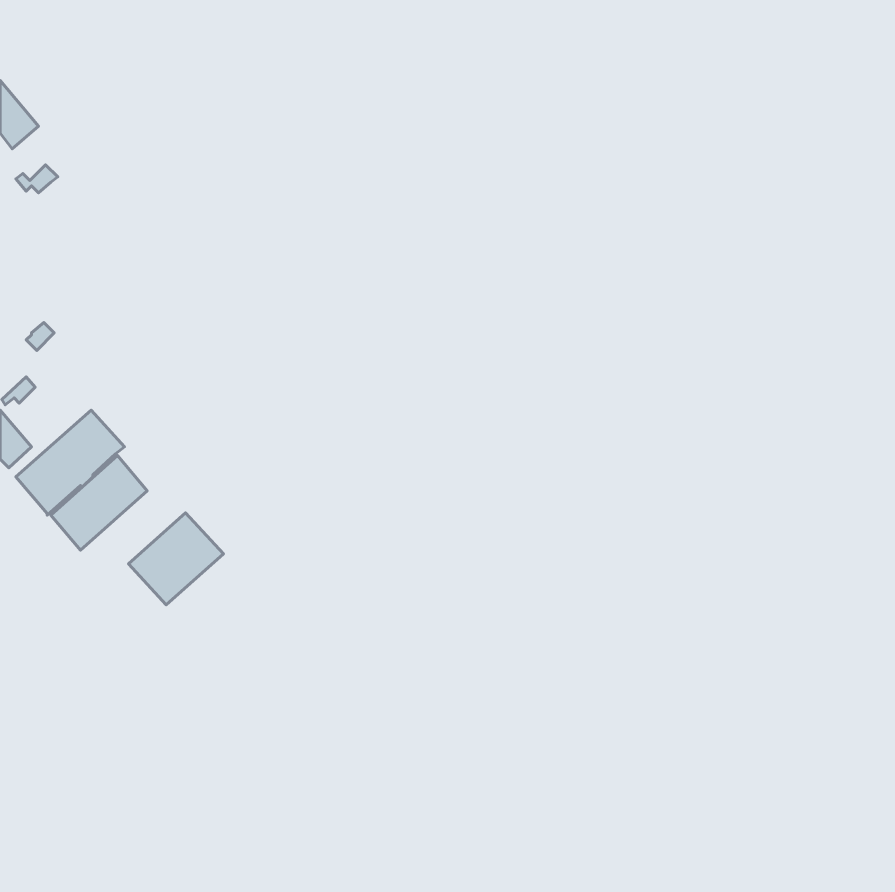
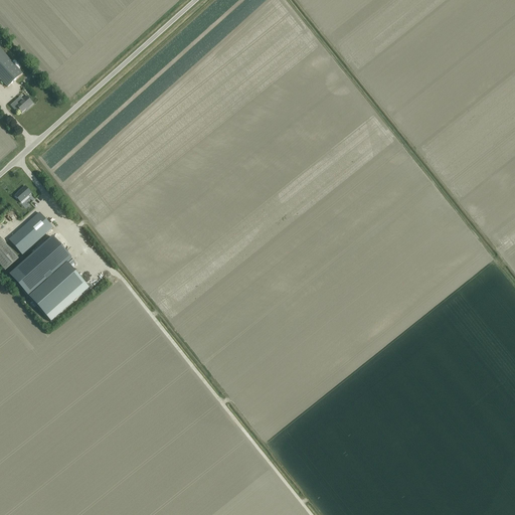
building: none -> [9,211,52,253]
building: [128,513,223,605] -> none

